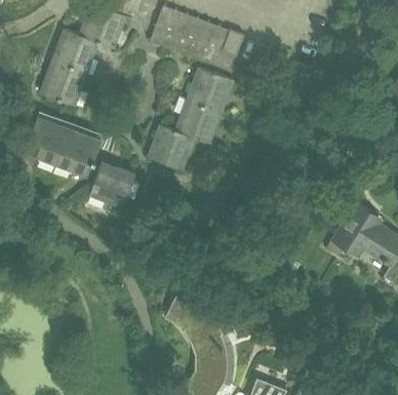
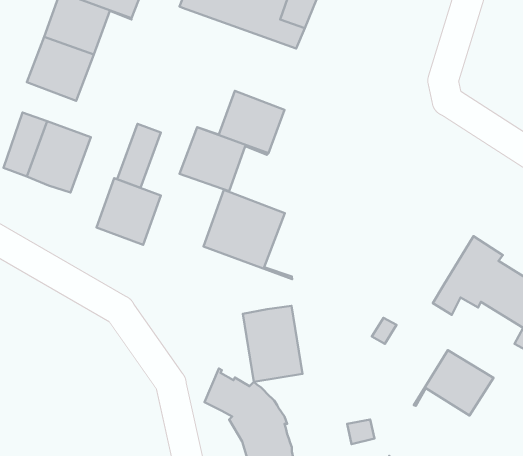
building: [187,68,233,113] -> none
building: [71,132,102,177] -> [117,124,161,188]
building: none -> [203,190,292,279]
building: none -> [243,306,303,382]
building: none -> [414,350,493,416]

